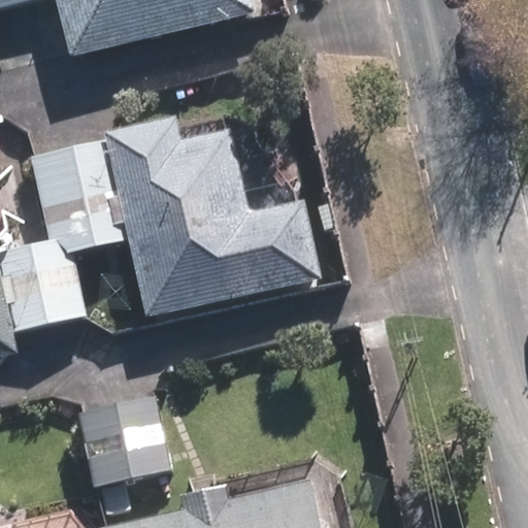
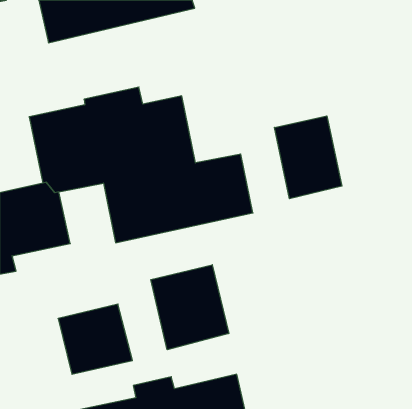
building: none -> [274,116,342,199]
building: none -> [151,265,229,350]

